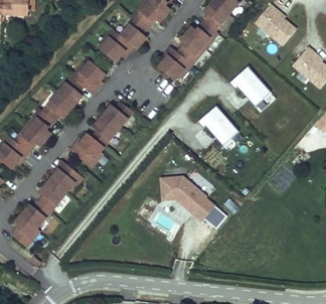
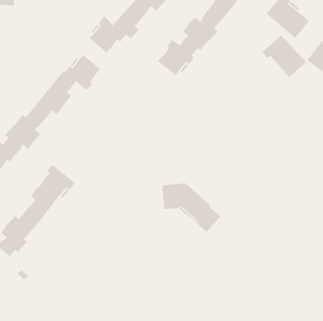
building: [229,66,271,106] -> [261,35,307,78]
building: [69,102,133,167] -> none
building: [198,106,239,146] -> none

